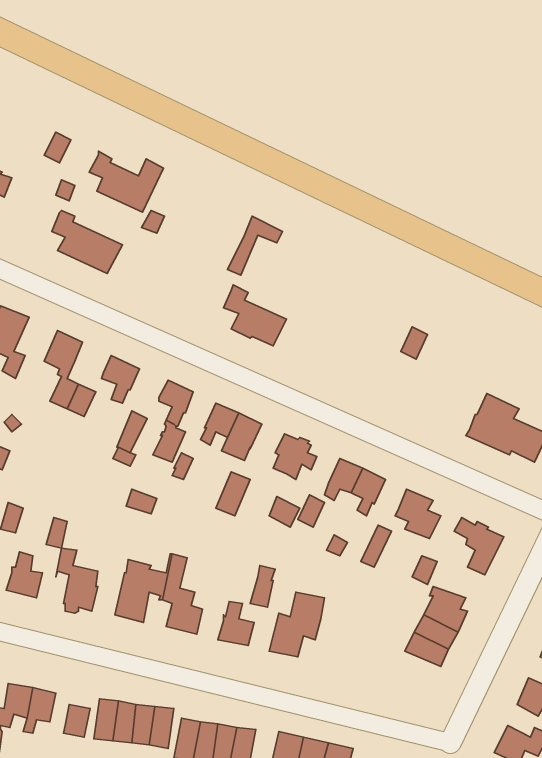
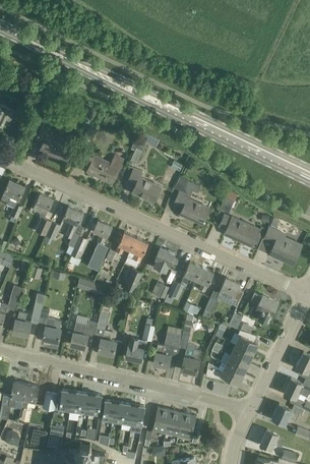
building: [89,151,163,212] -> [82,151,122,183]
building: none -> [173,178,209,223]
building: none -> [219,214,265,246]
building: none -> [179,315,200,373]
building: none -> [204,363,243,384]

